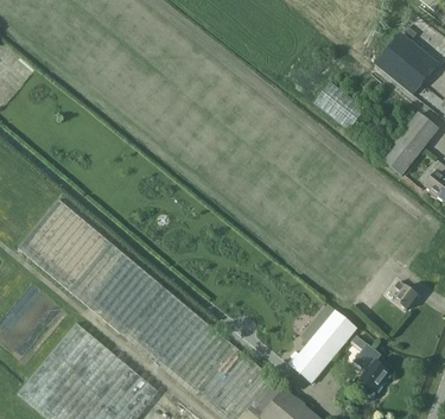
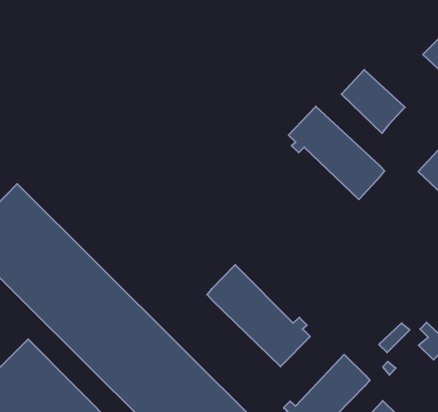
building: none -> [289,106,385,199]
building: none -> [207,265,310,367]

